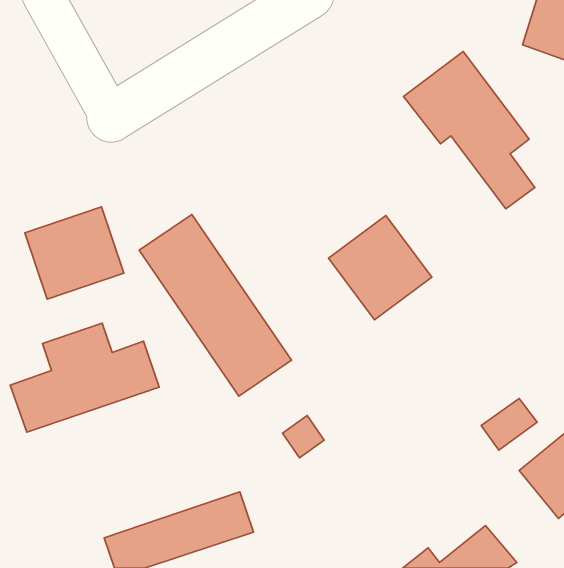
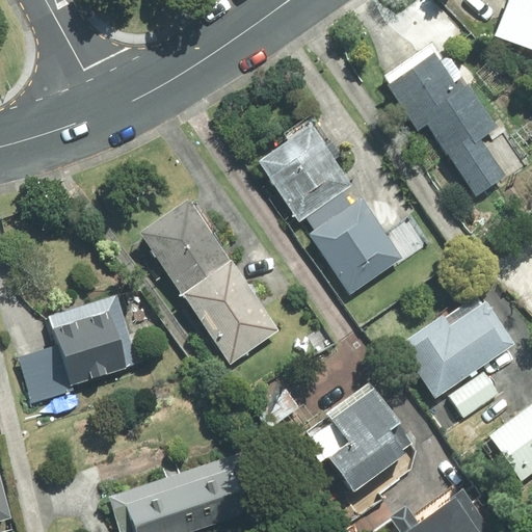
building: none -> [256,122,353,220]
building: [25,207,124,299] -> none
building: none -> [401,300,514,397]
building: none -> [313,382,418,495]

